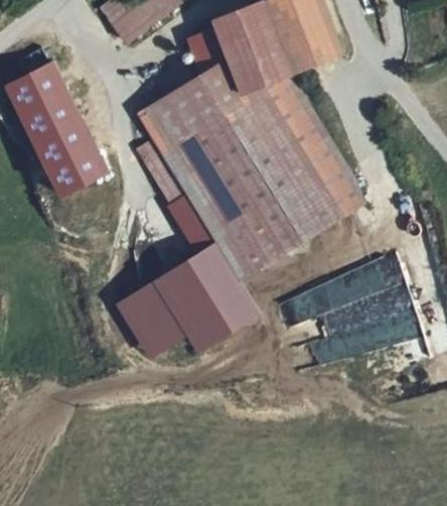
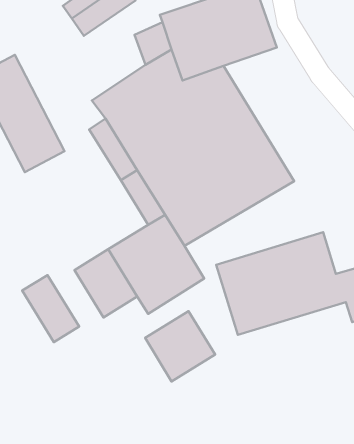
building: none -> [22,275,79,342]
building: none -> [145,311,215,381]

